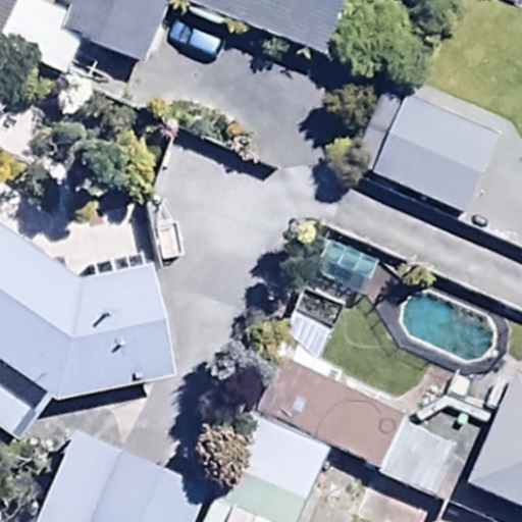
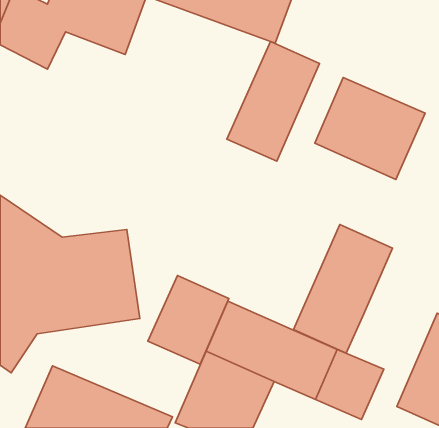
building: none -> [227,41,319,161]
building: none -> [293,224,393,353]
building: none -> [148,276,229,364]

